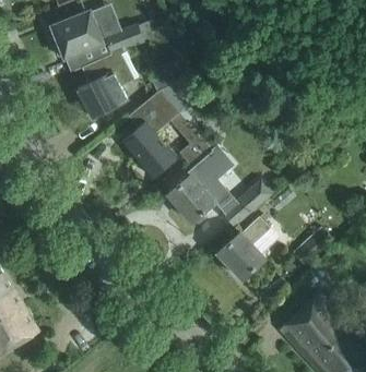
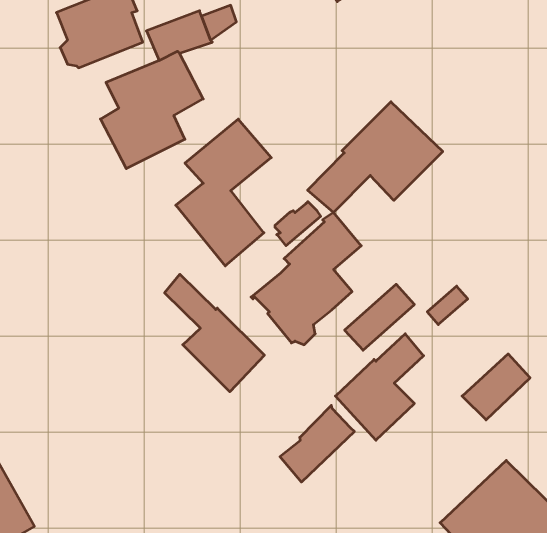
building: none -> [308,102,443,213]
building: none -> [165,274,264,392]
building: none -> [280,405,354,482]

